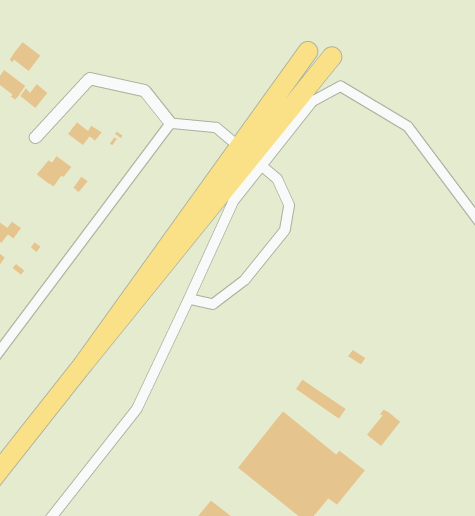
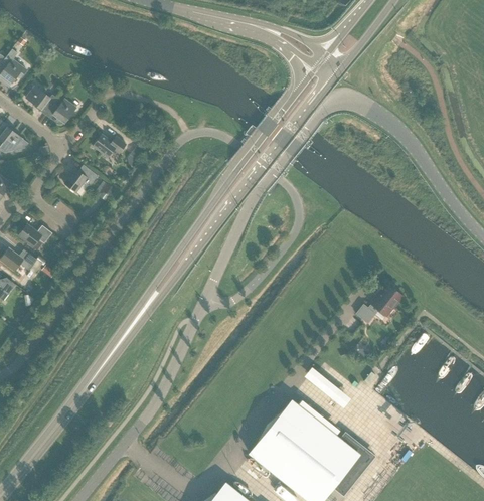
building: [8,41,42,72] -> none
building: none -> [355,284,401,323]
building: [366,408,402,447] -> none

